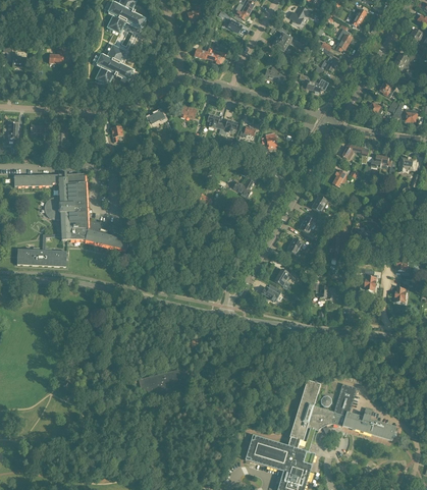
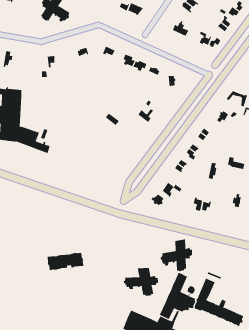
building: none -> [160,239,192,272]
building: none -> [123,267,159,297]

